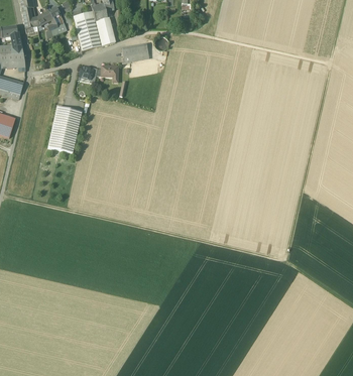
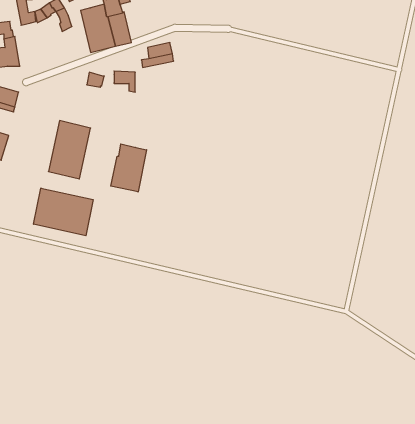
building: none -> [111,144,147,192]
building: none -> [34,188,93,236]

